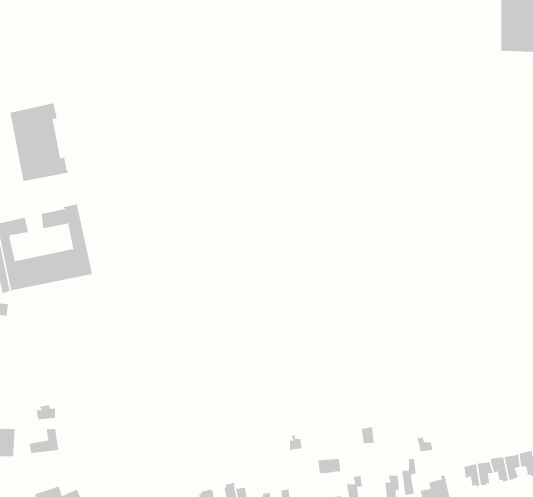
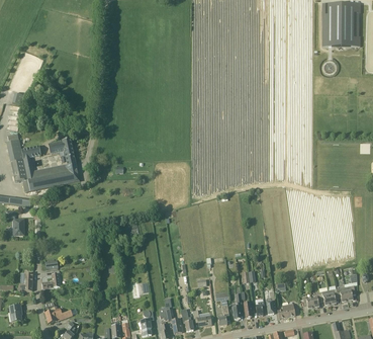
building: [10,102,69,182] -> none

